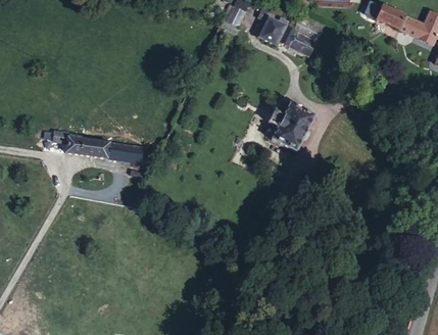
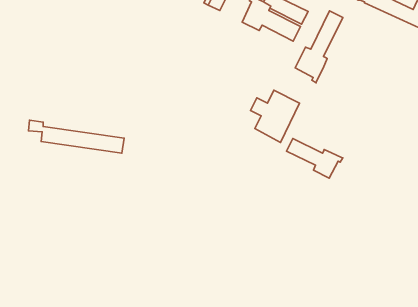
building: none -> [295,11,343,83]
building: none -> [287,138,343,178]

